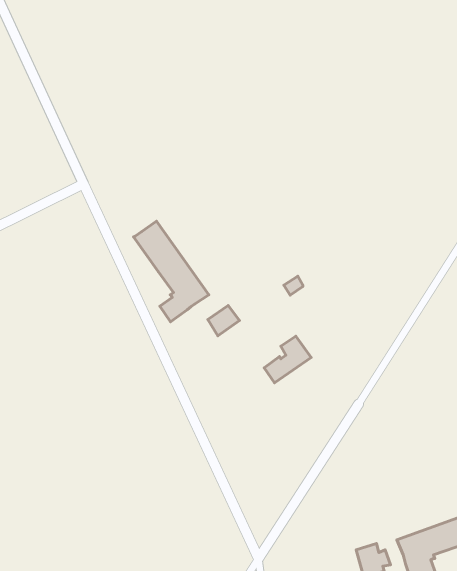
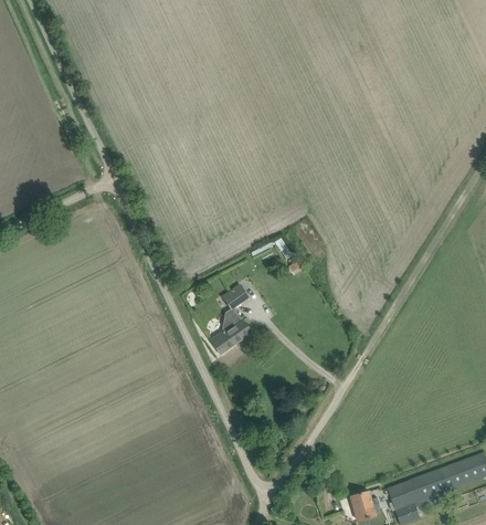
building: [133,221,209,322] -> none
building: [264,336,311,383] -> [210,313,251,354]

